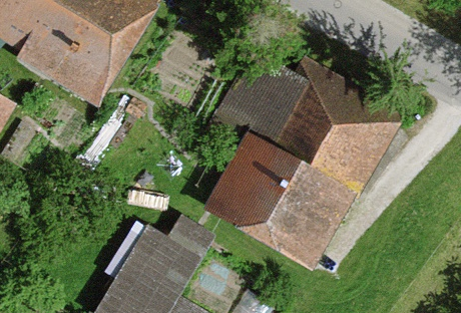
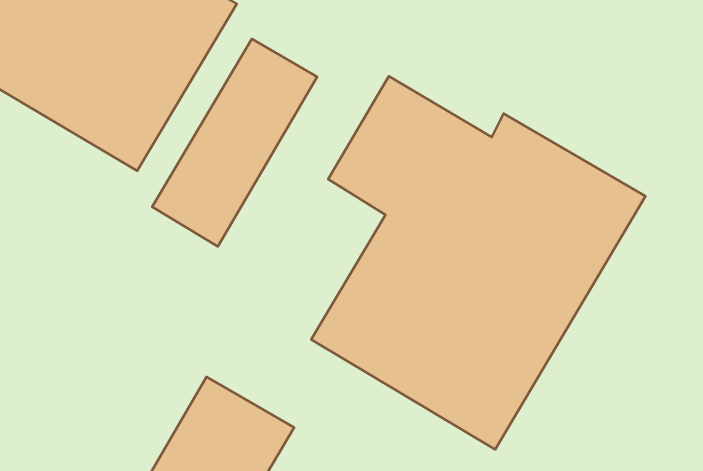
building: none -> [152,39,317,246]

